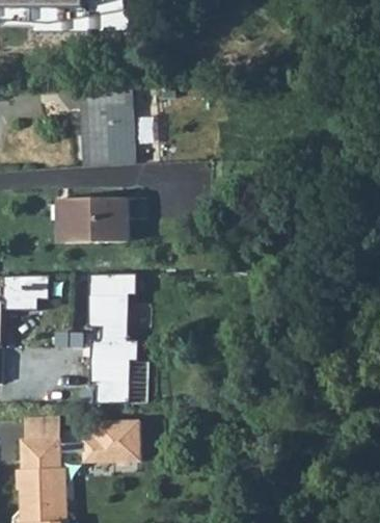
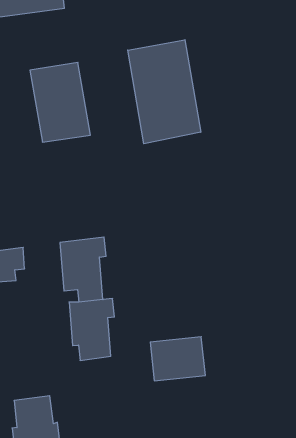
building: none -> [128,40,201,144]
building: [54,199,128,240] -> none
building: [85,420,140,462] -> [150,337,205,381]

